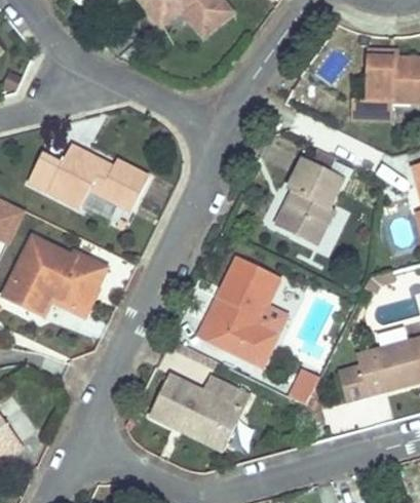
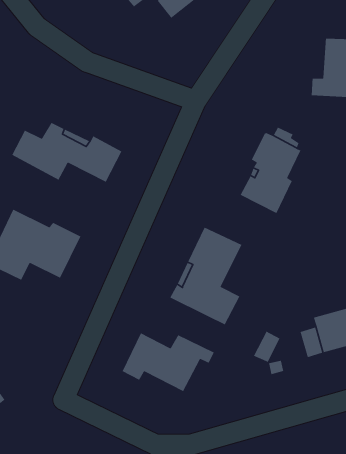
building: [167,401,242,451] -> none

